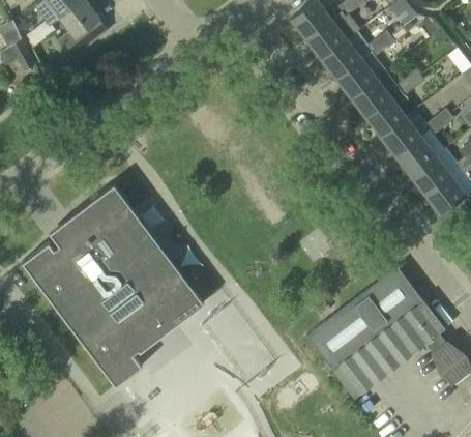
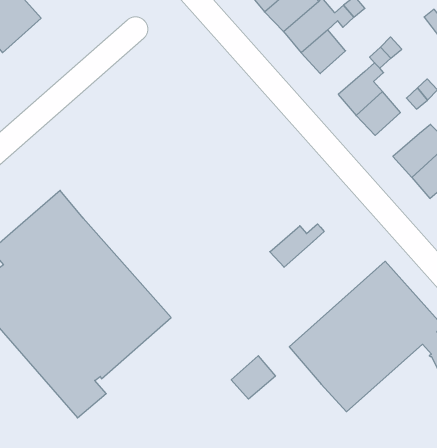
building: [351,79,390,117] -> none
building: [395,137,435,175] -> none
building: none -> [270,224,324,267]
building: none -> [231,356,275,399]

